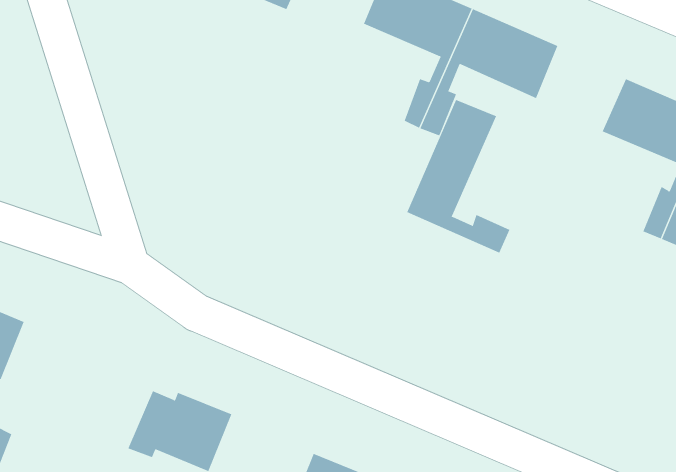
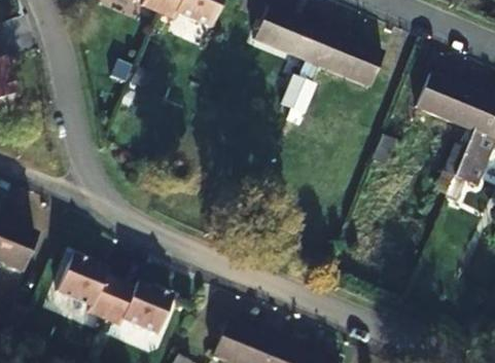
building: [407,99,510,254] -> none
building: none -> [56,254,119,318]

